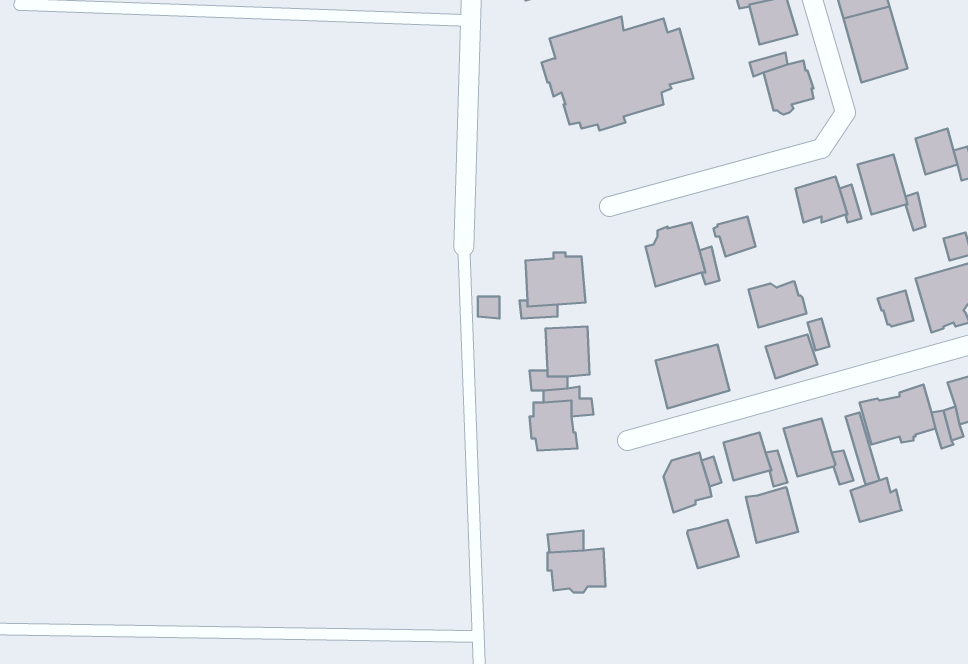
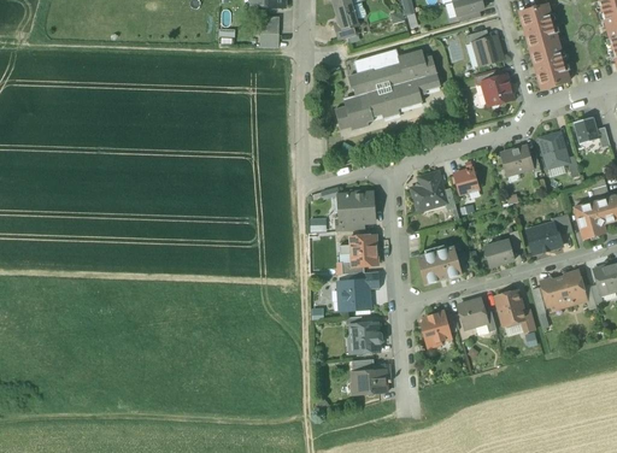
building: none -> [335,94,374,129]
building: [748,281,806,327] -> [527,225,562,253]
building: none -> [351,322,382,353]
building: [851,478,902,522] -> none
building: [746,487,798,543] -> none
building: [687,520,739,568] -> none

